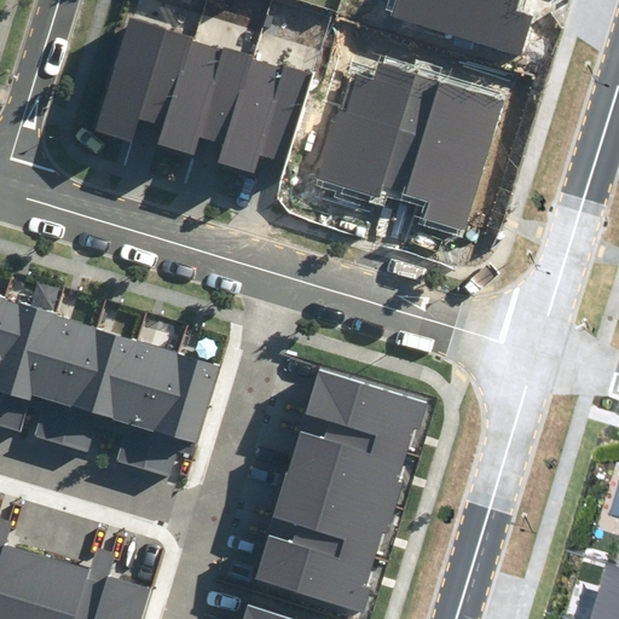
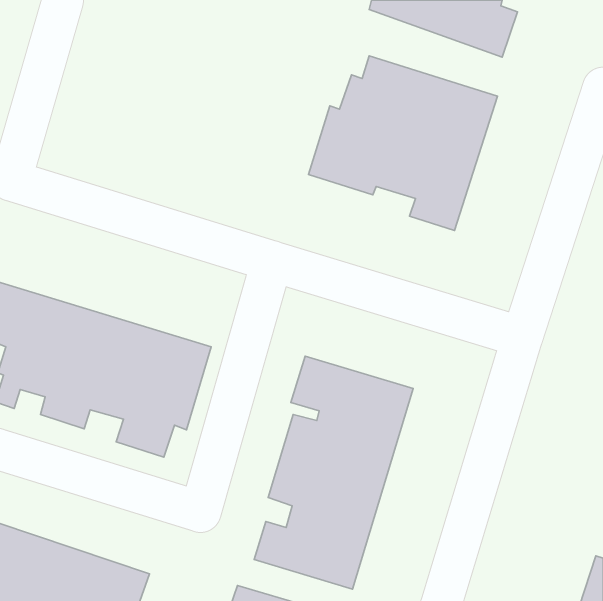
building: [96,12,314,174] -> none

